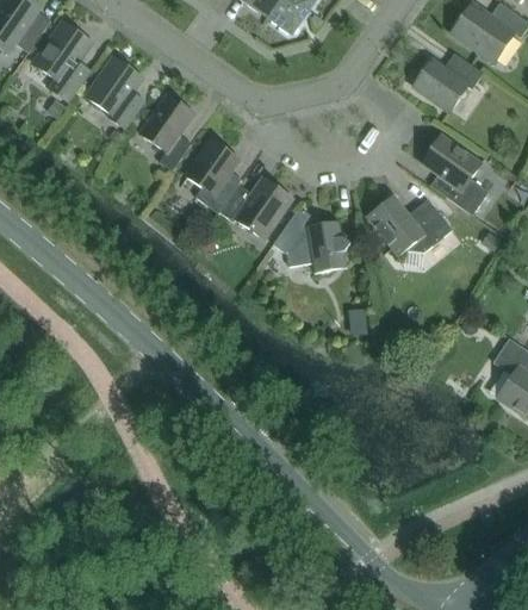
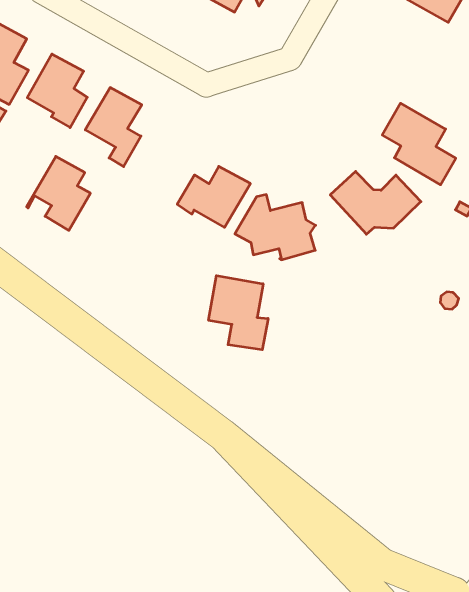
building: [414,51,484,110] -> none
building: [180,139,242,211] -> [27,156,90,230]
building: none -> [209,276,268,350]

